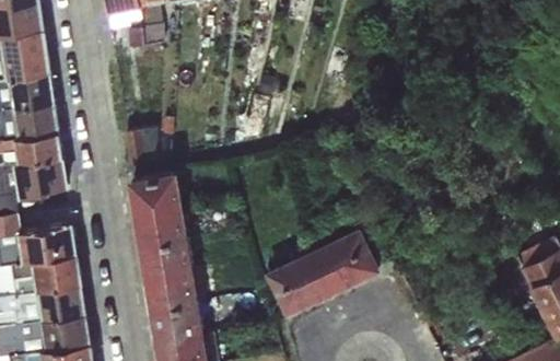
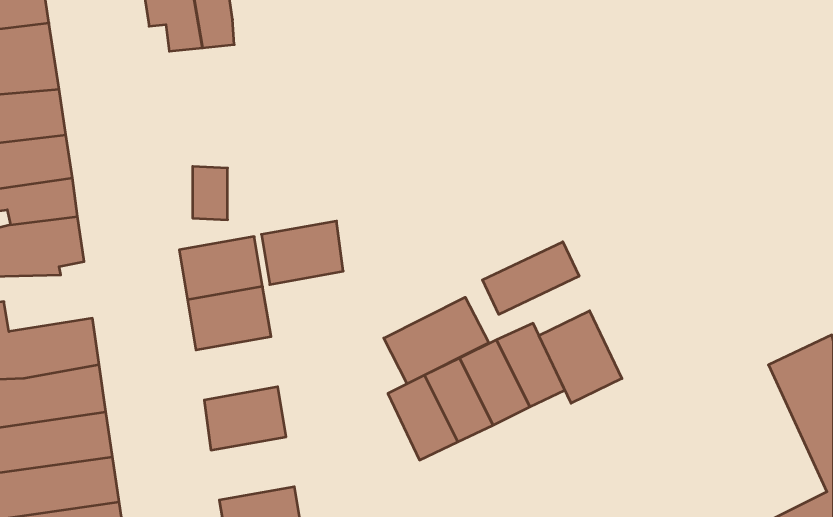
building: none -> [482,242,579,314]
building: none -> [384,297,489,384]
building: none -> [539,311,622,403]
building: [138,236,191,278] -> [261,221,343,285]
building: [148,302,202,343] -> none

